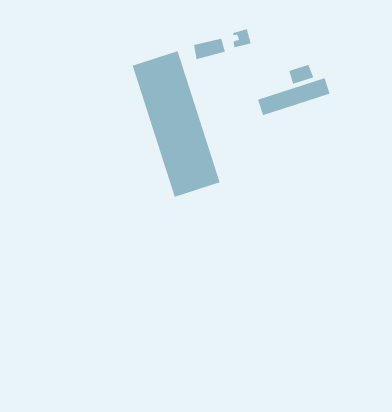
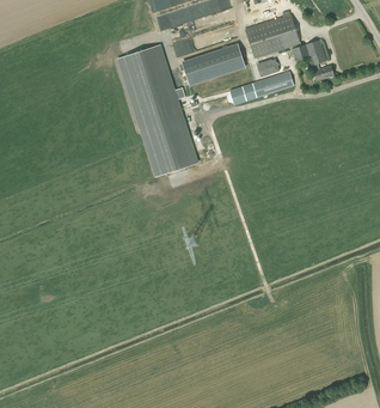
building: none -> [245,14,333,80]
building: none -> [182,42,246,85]

